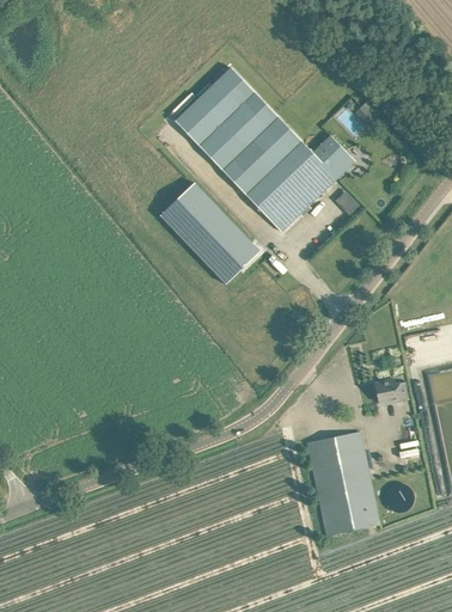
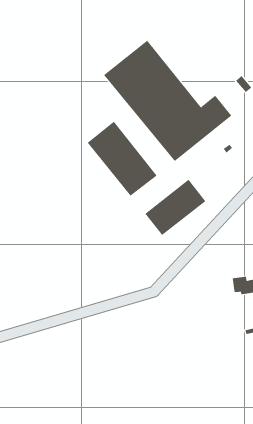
building: none -> [144,179,206,236]
building: [306,430,378,536] -> none

